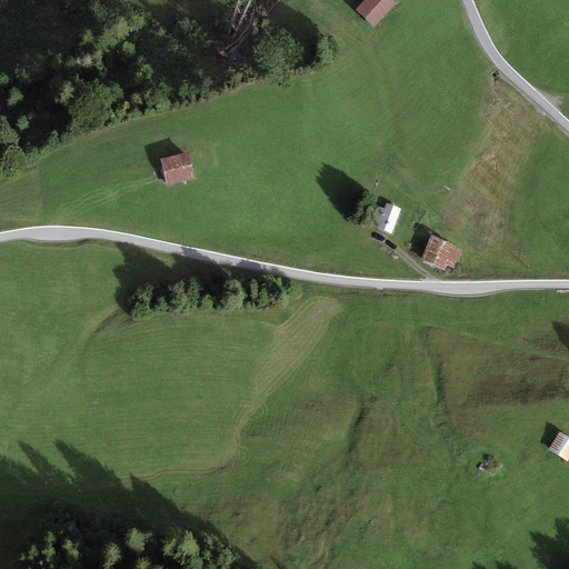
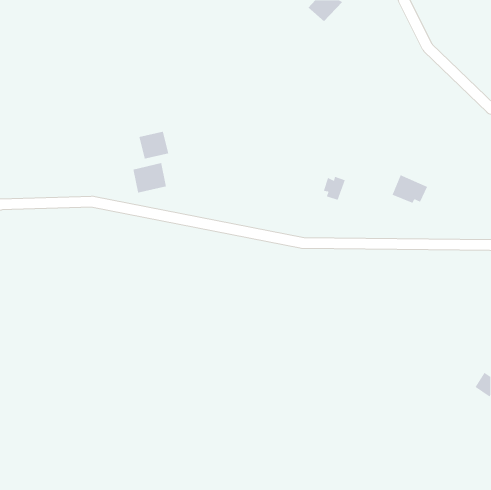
building: none -> [132,162,167,193]
building: [421,234,463,269] -> [392,174,428,204]

